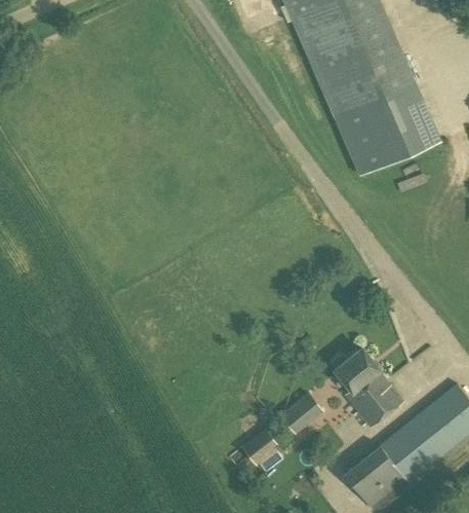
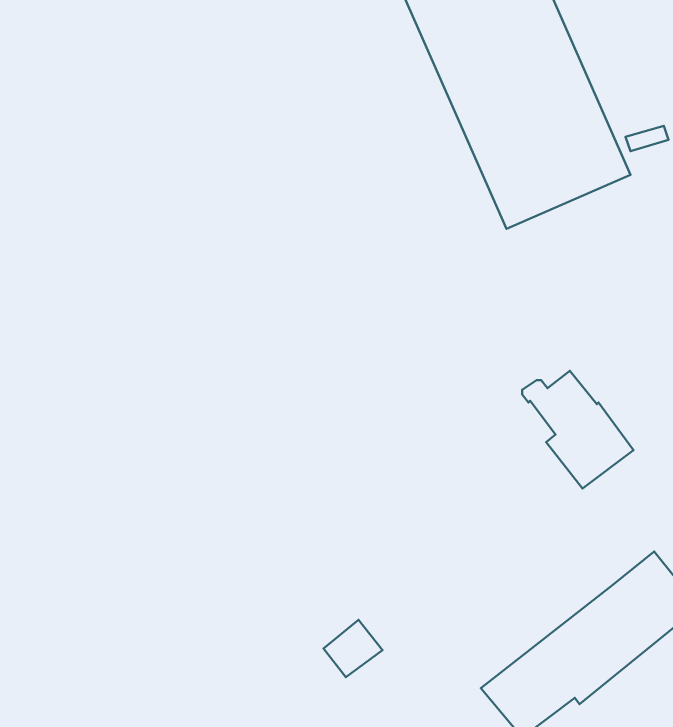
building: [330,349,402,425] -> [522,371,633,488]
building: [280,394,323,435] -> none

